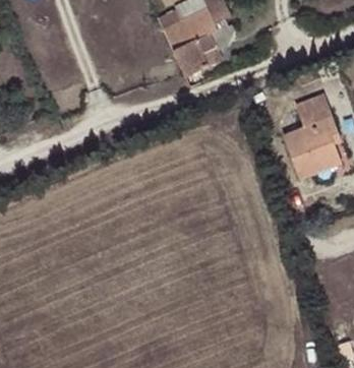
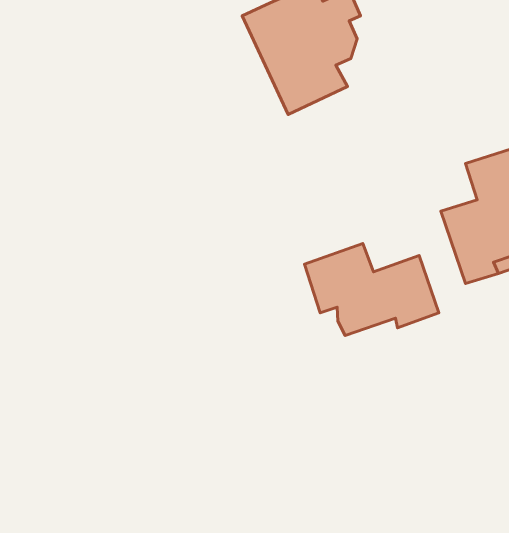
building: none -> [304,244,439,336]

